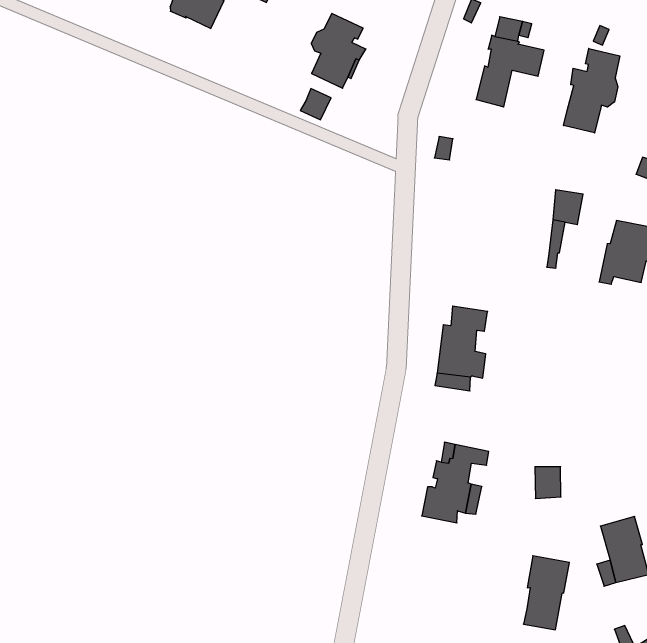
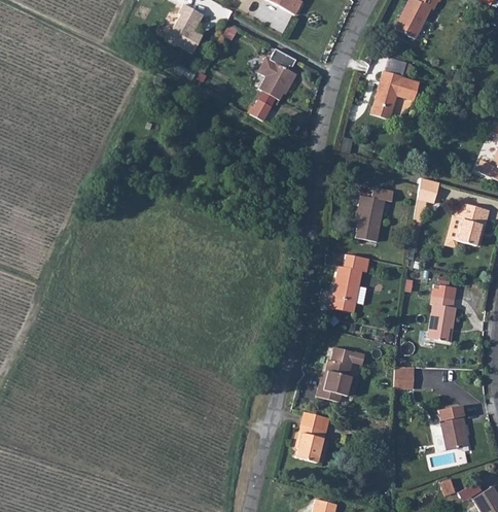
building: [564,48,620,133] -> none
building: none -> [356,186,393,241]
building: none -> [427,283,456,341]
building: [523,556,569,630] -> [295,411,329,463]

